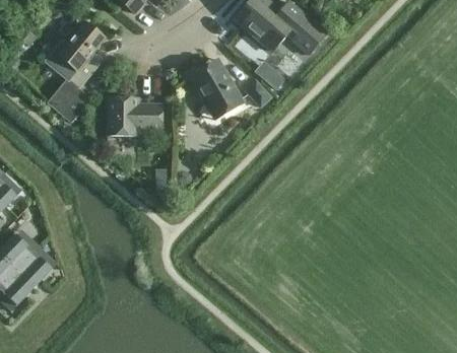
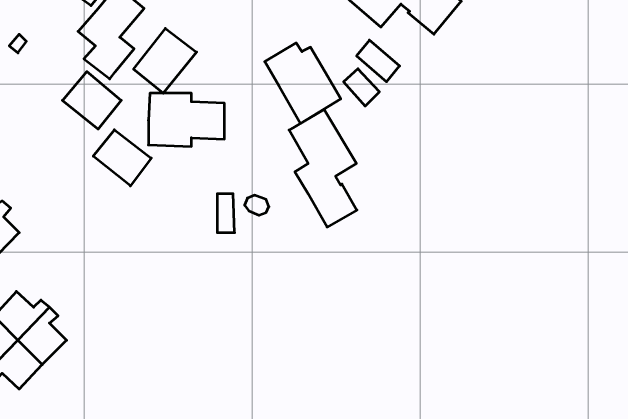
building: none -> [134,28,197,93]
building: none -> [289,109,357,227]
building: none -> [93,130,151,186]

